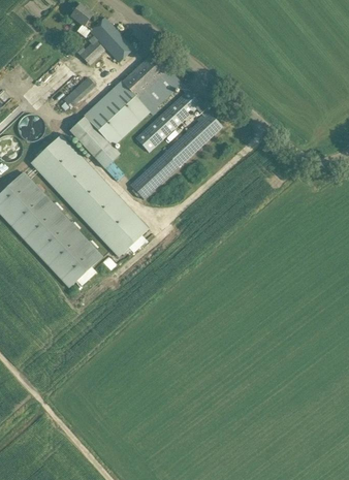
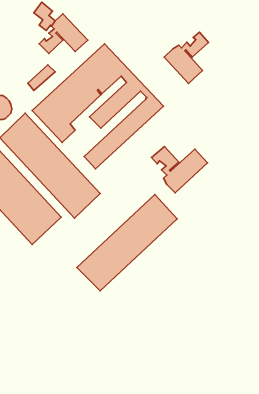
building: none -> [164,32,208,84]
building: none -> [152,146,208,193]
building: none -> [77,195,177,291]

